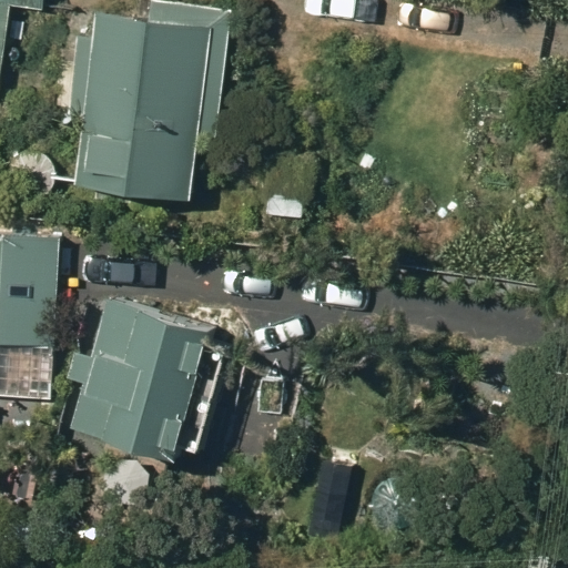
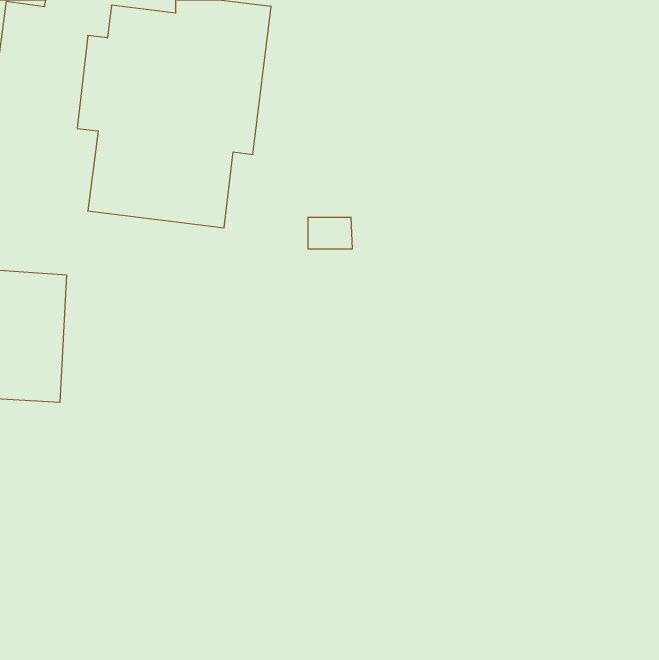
building: [67,302,226,459] -> none

